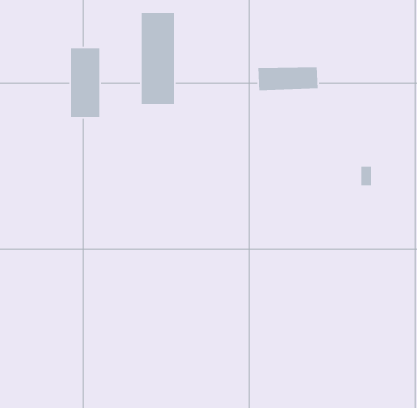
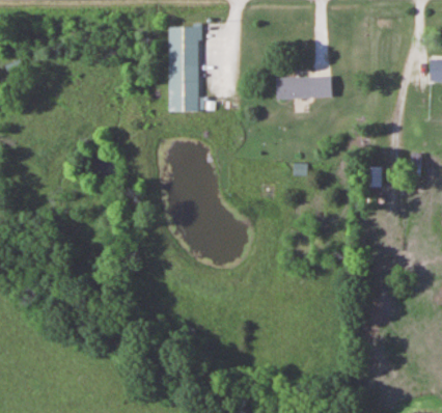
building: [70,48,100,118] -> none

